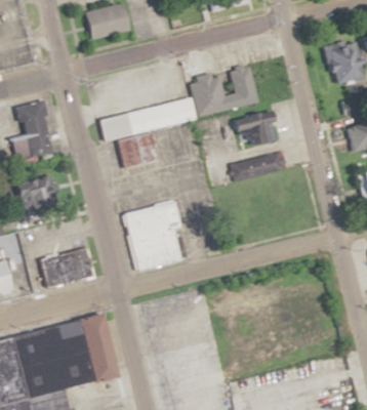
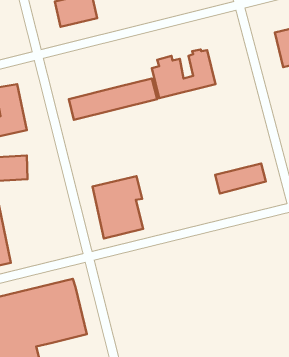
building: [237,111,275,145] -> none
building: [118,132,160,169] -> none
building: [231,152,286,184] -> [215,164,266,194]
building: [42,249,95,288] -> none

